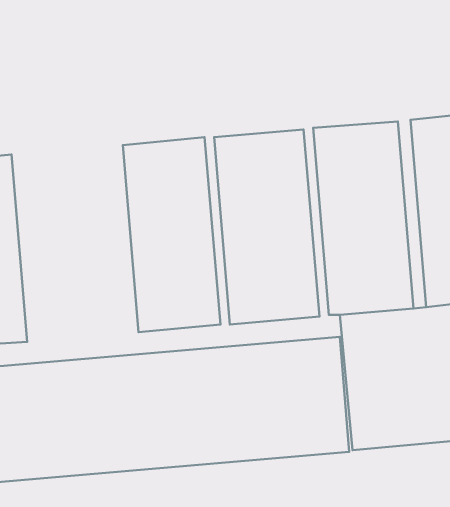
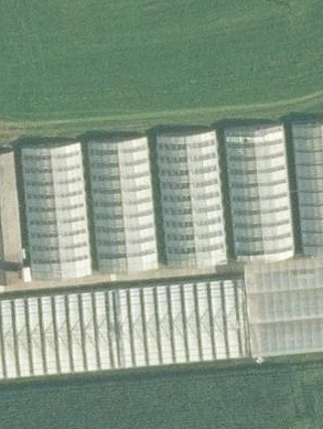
building: none -> [20,143,93,279]

